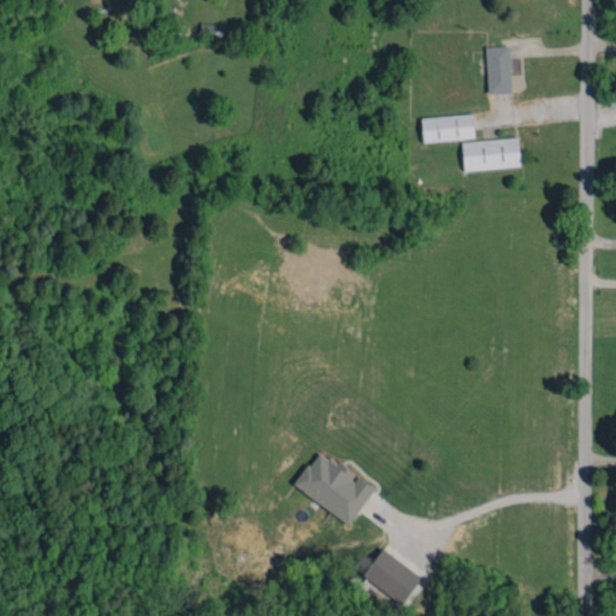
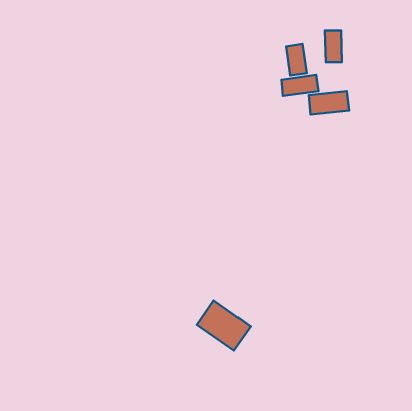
building: none -> [286,44,307,75]
building: [362,549,421,605] -> none

